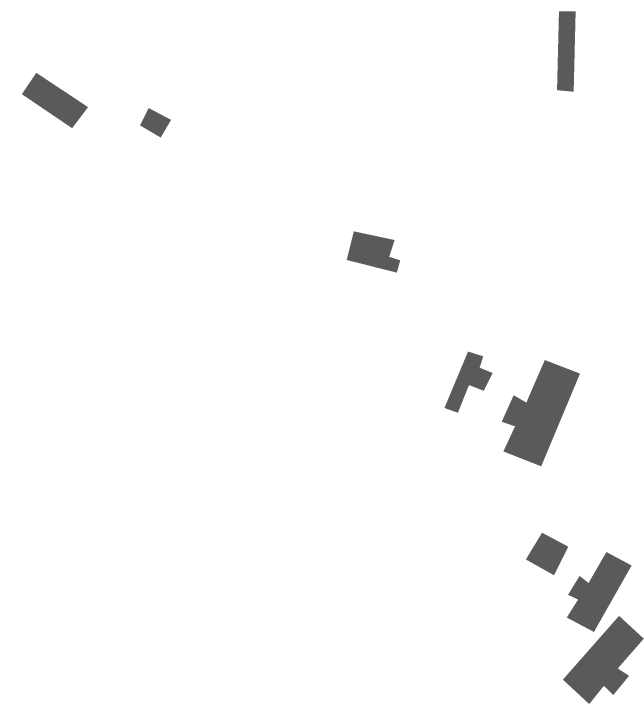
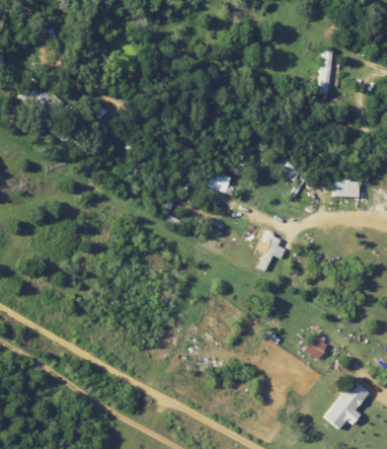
building: none -> [334,179,360,197]
building: [501,359,581,467] -> none
building: [566,551,632,633] -> none

